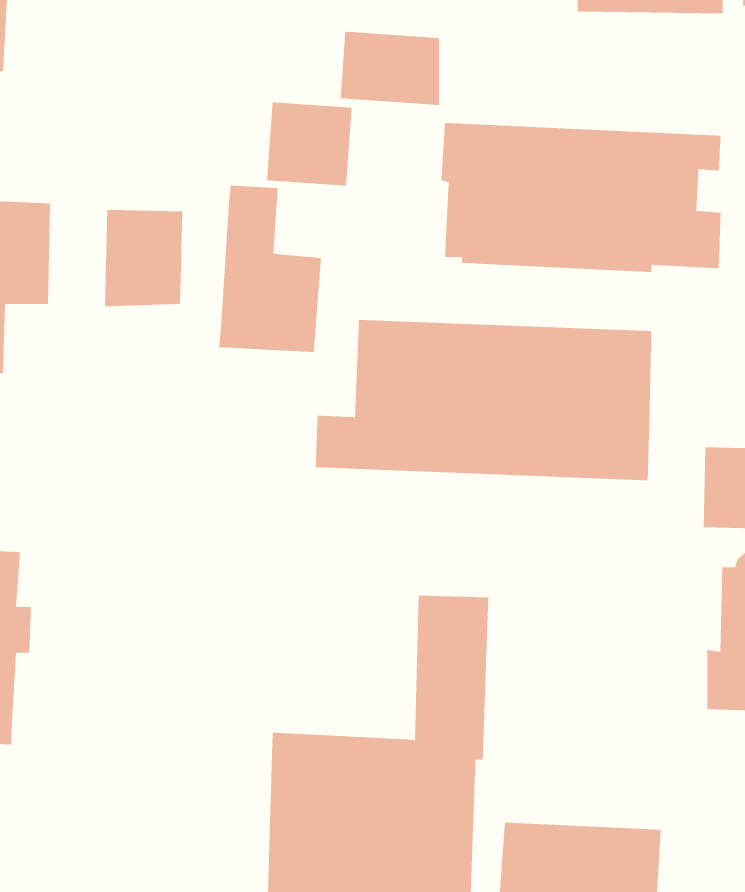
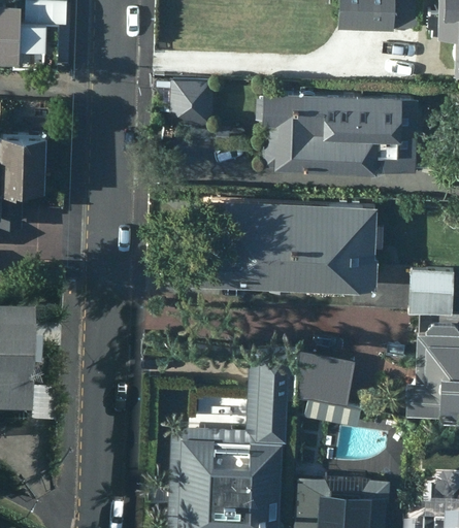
building: [340,31,440,106] -> none
building: [218,185,322,353] -> none
building: [104,209,183,307] -> none
building: none -> [297,353,358,425]

